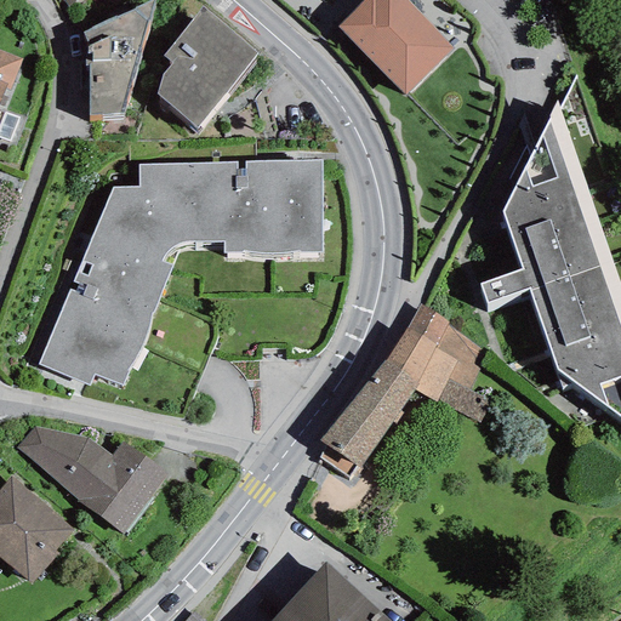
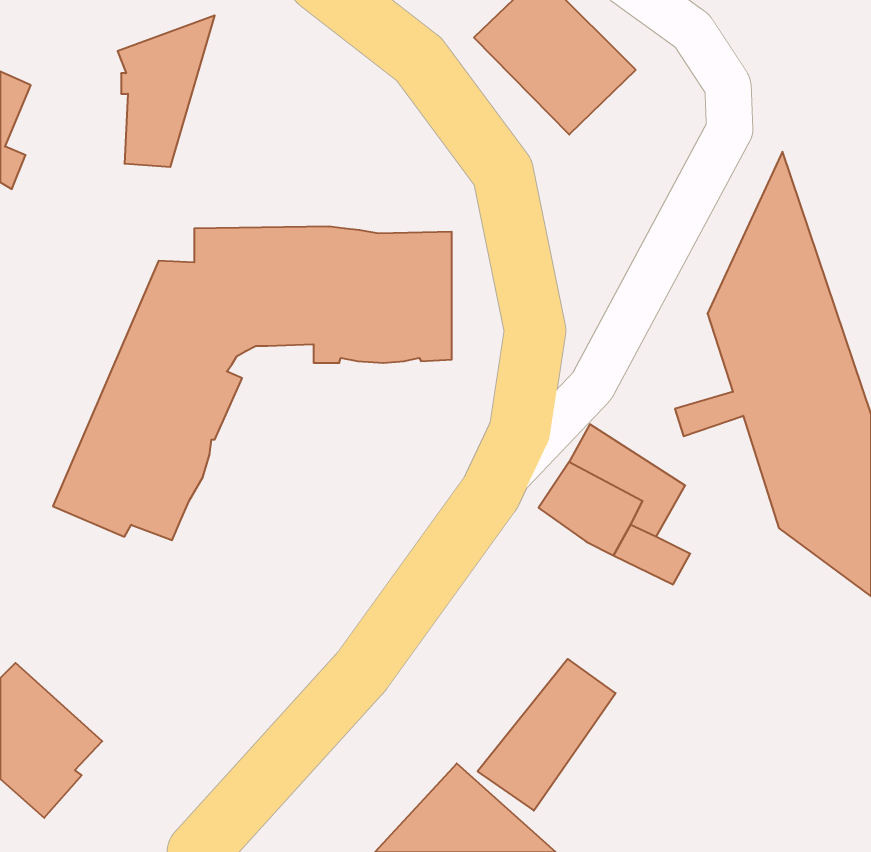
building: [156,19,256,135] -> none
building: [319,361,417,469] -> [478,659,616,811]
building: [12,417,169,530] -> none

